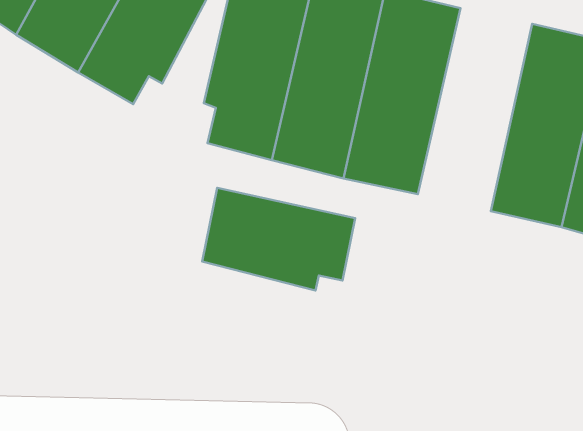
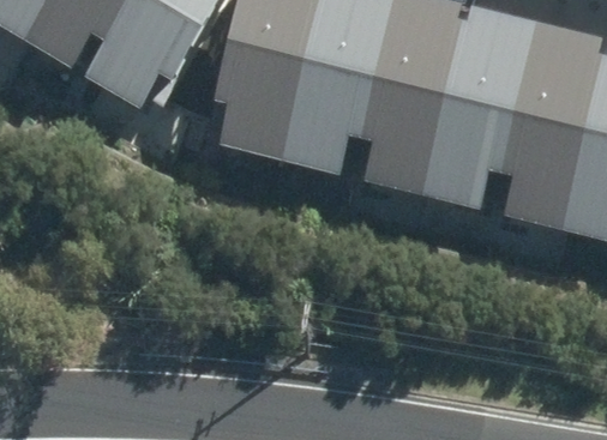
building: none -> [422,10,535,210]
building: [202,188,355,290] -> none

